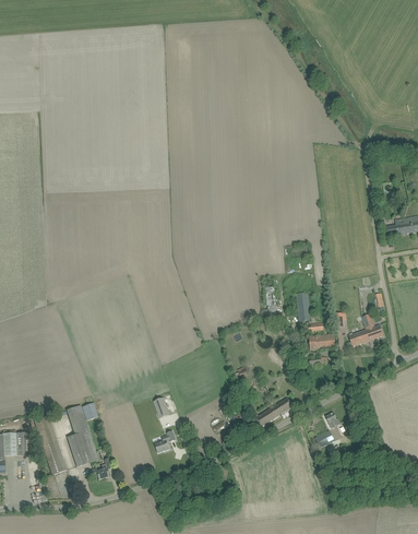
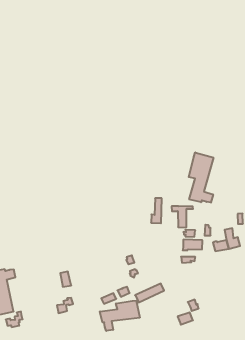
building: none -> [189,152,213,203]
building: none -> [100,301,140,331]

